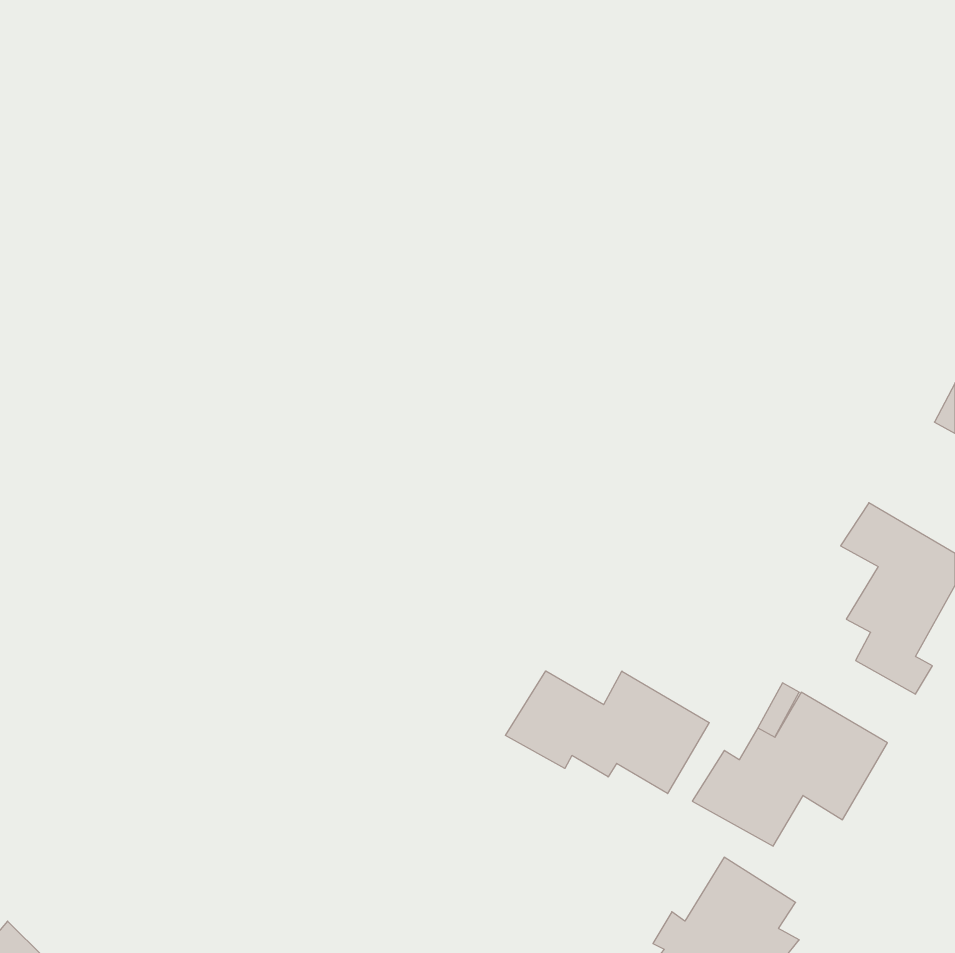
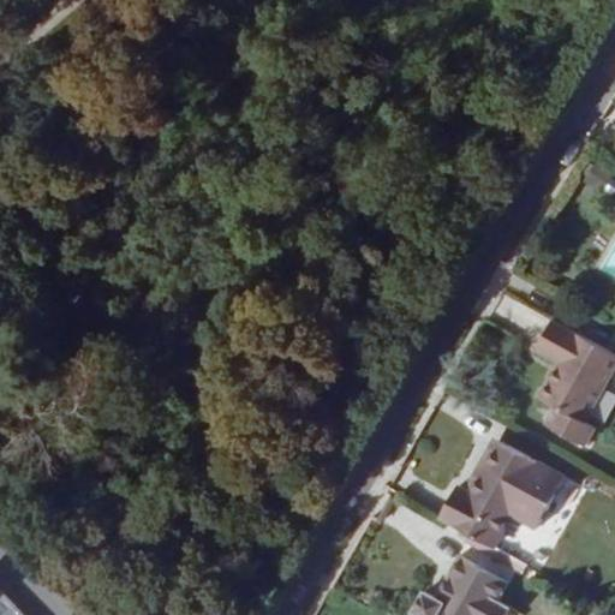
building: [505,671,709,794] -> none

